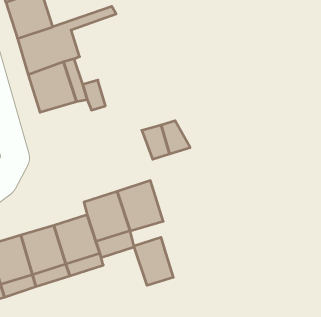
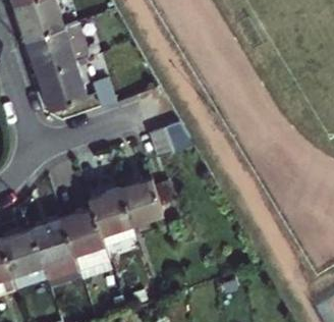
building: [134,237,173,285] -> none

